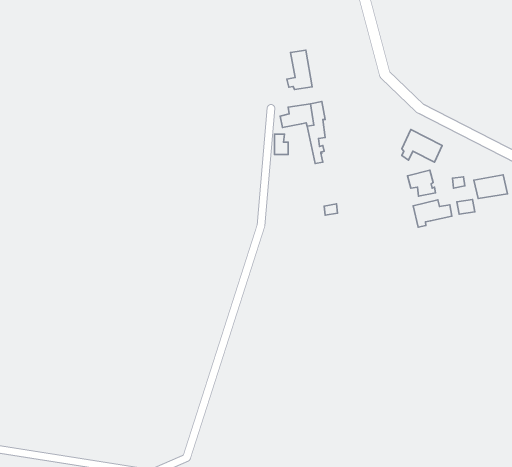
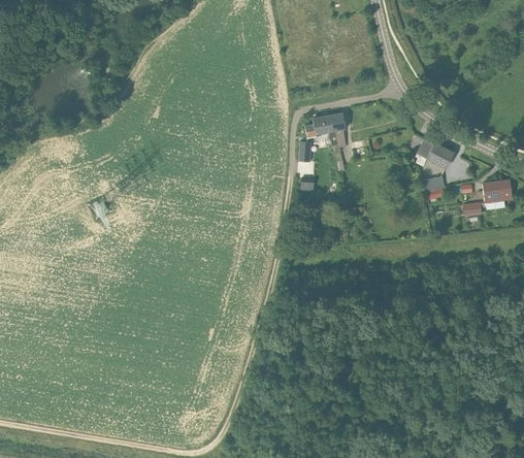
building: [287,50,312,90] -> none
building: [413,200,452,227] -> none

